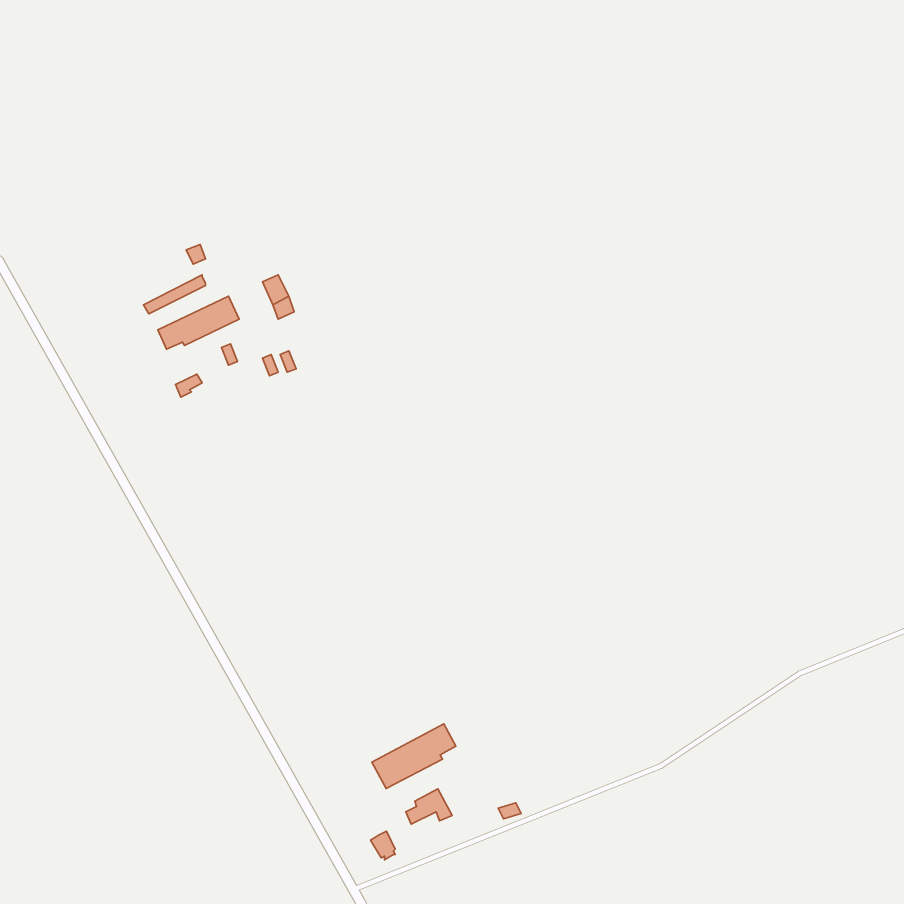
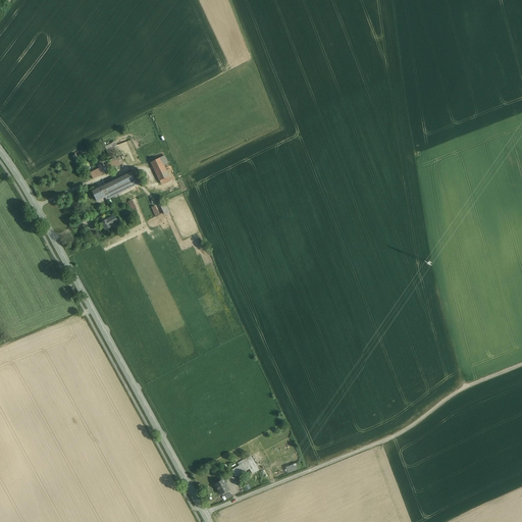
building: [372,724,456,789] -> none

